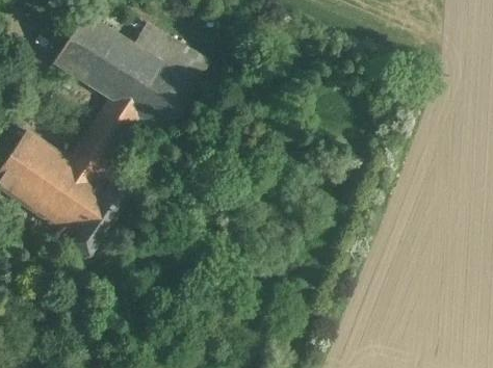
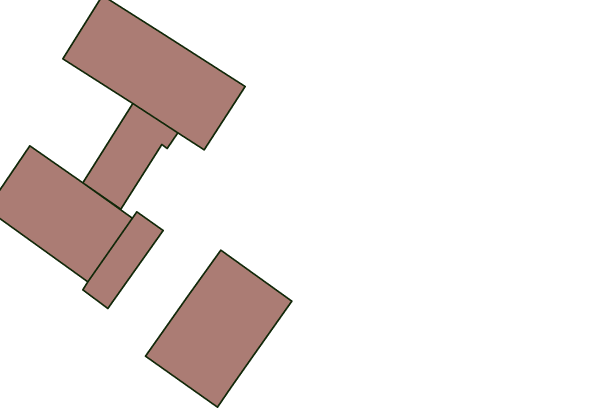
building: [133,21,210,82] -> none
building: none -> [145,250,292,407]

